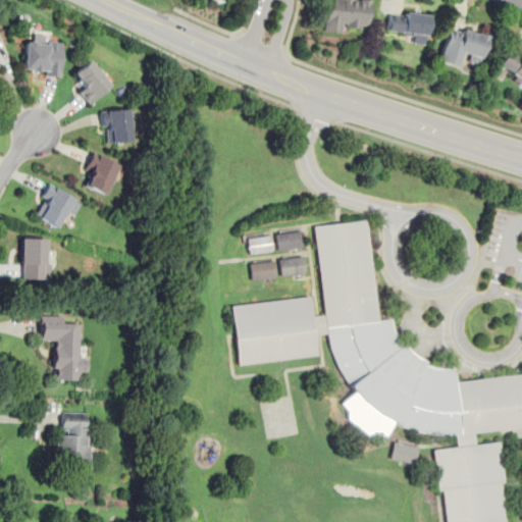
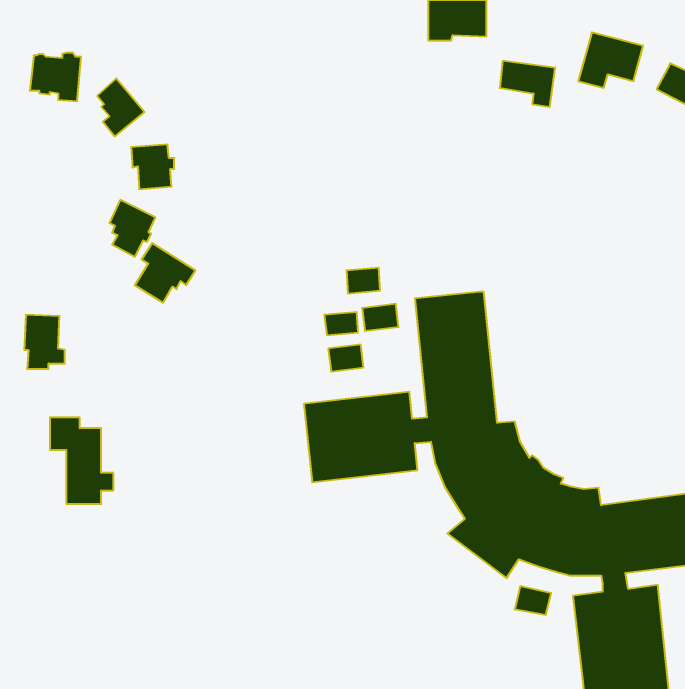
building: [389,10,431,45] -> [500,61,555,107]
building: [38,184,84,228] -> [135,243,195,303]
building: [281,257,307,276] -> [346,268,380,293]
building: [58,412,92,462] -> none

